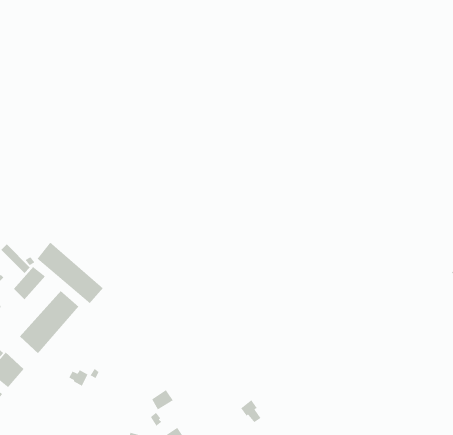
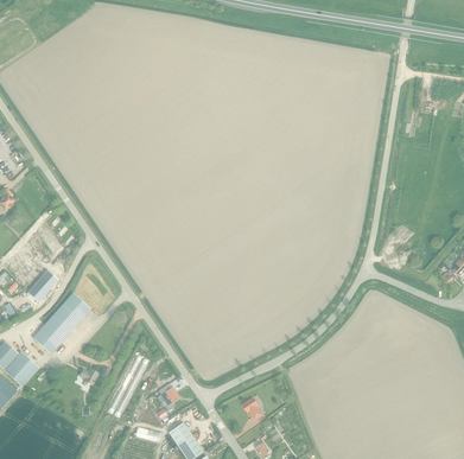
building: [36,241,104,304] -> none

